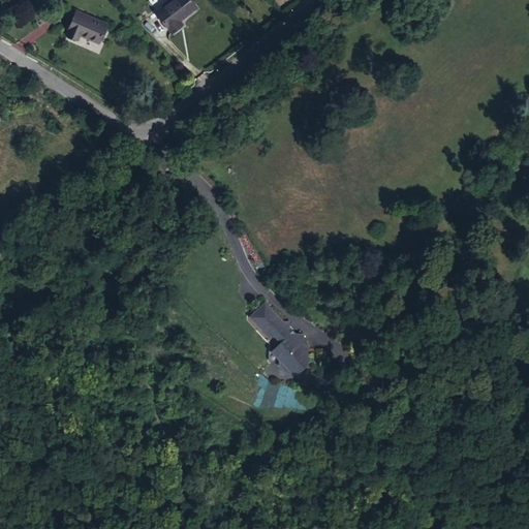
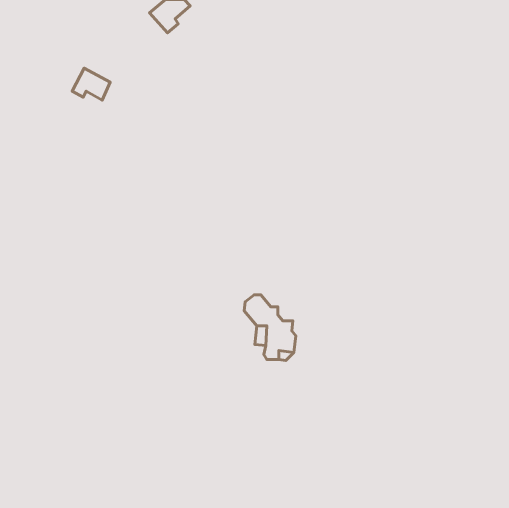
building: [68,12,107,45] -> [72,68,110,100]

